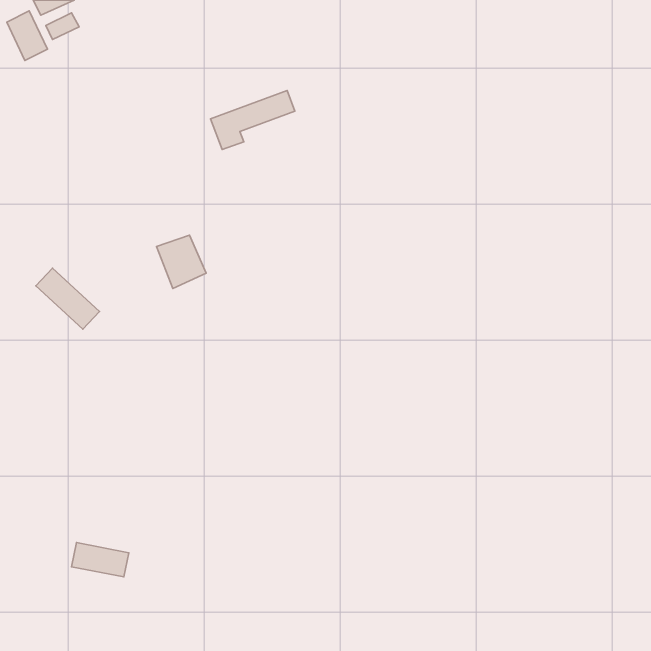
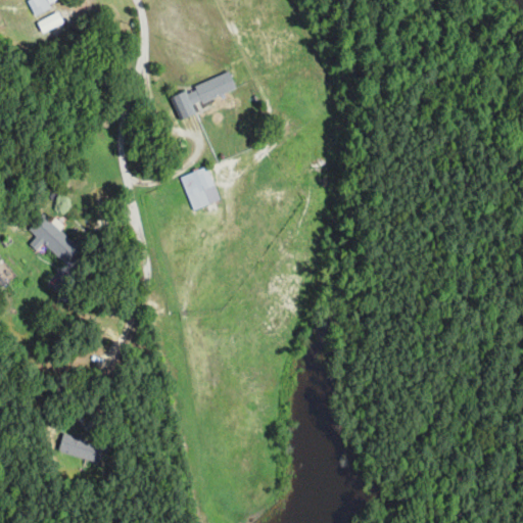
building: [7,11,48,60] -> none
building: [156,235,206,289] -> [181,168,221,210]

